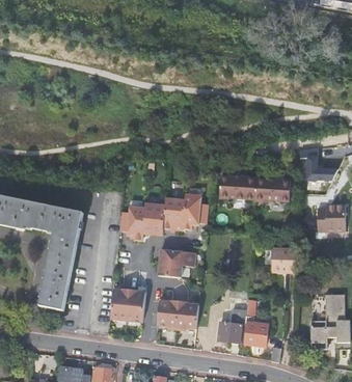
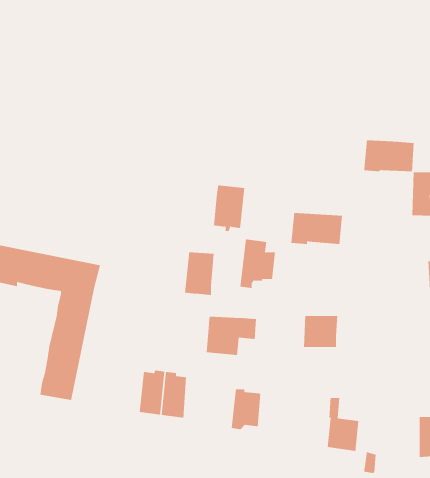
building: [254,178,291,200] -> [363,140,414,172]
building: [163,198,186,231] -> [213,185,245,231]
building: [119,207,145,240] -> none
building: [272,248,297,271] -> [303,316,338,348]
building: [158,300,180,329] -> none
building: [217,322,246,344] -> none

